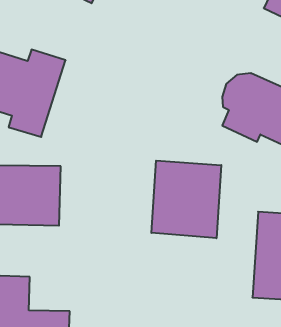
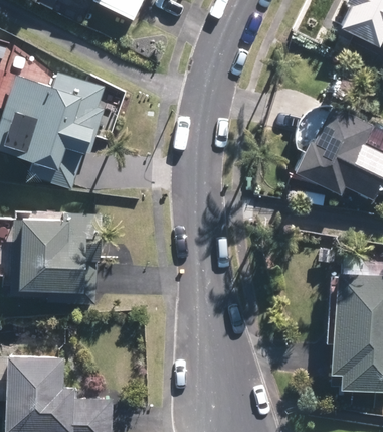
building: [151,161,221,238] -> none

